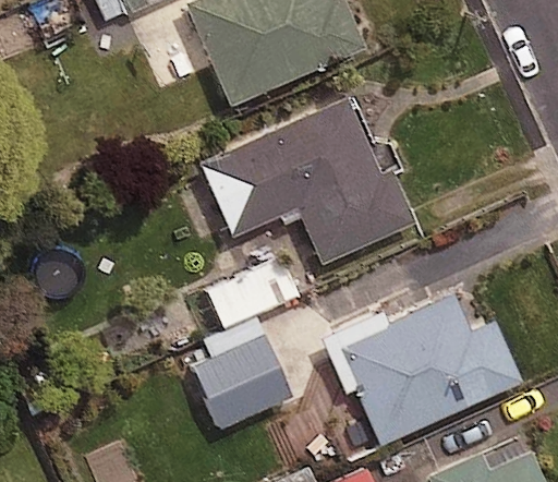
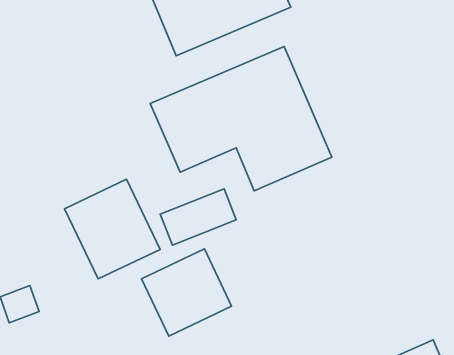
building: none -> [65,179,160,279]
building: [339,298,529,446] -> none

